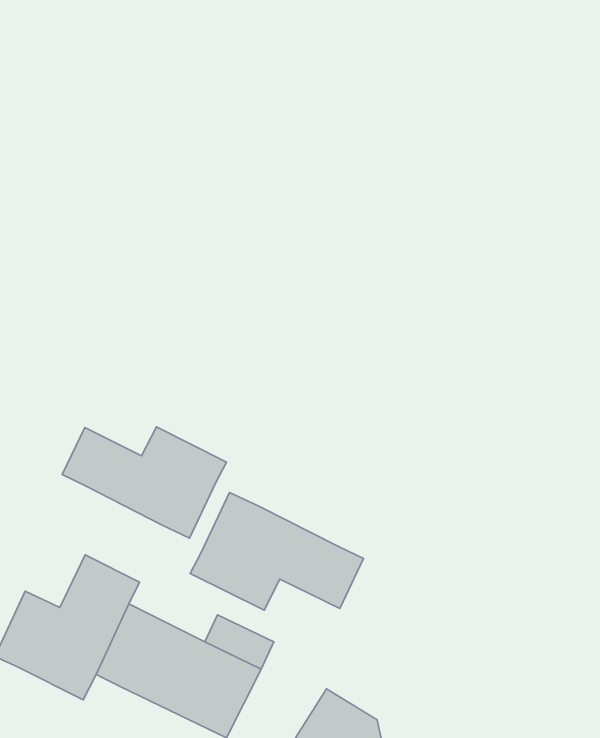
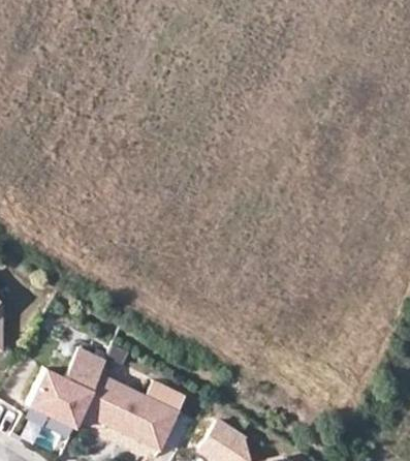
building: [62,427,227,538] -> none
building: [190,492,364,610] -> none

